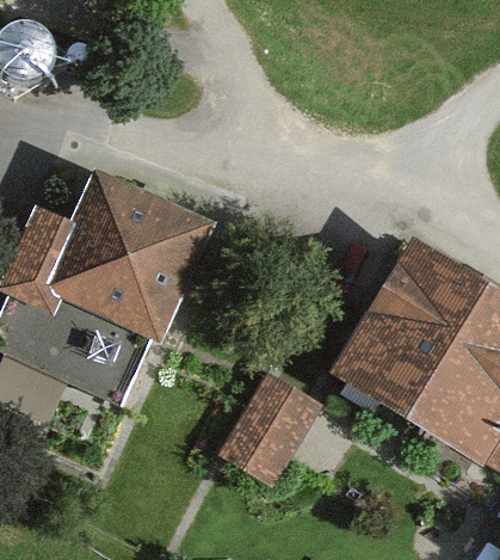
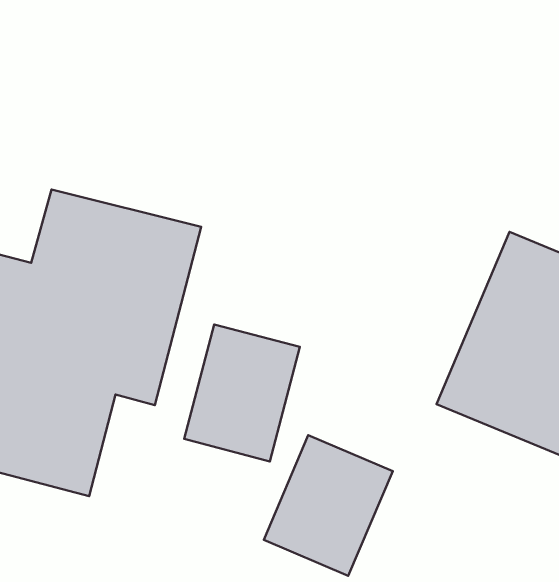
building: none -> [184,325,300,461]

